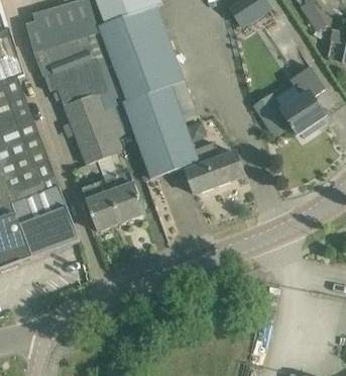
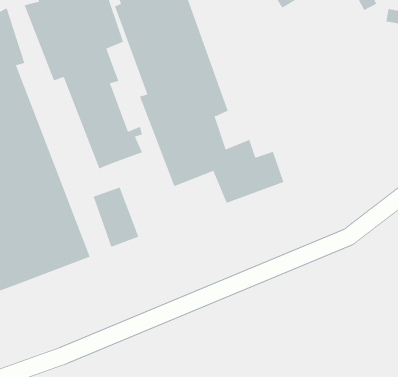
building: [252,65,324,137] -> none
building: [96,155,144,221] -> none

